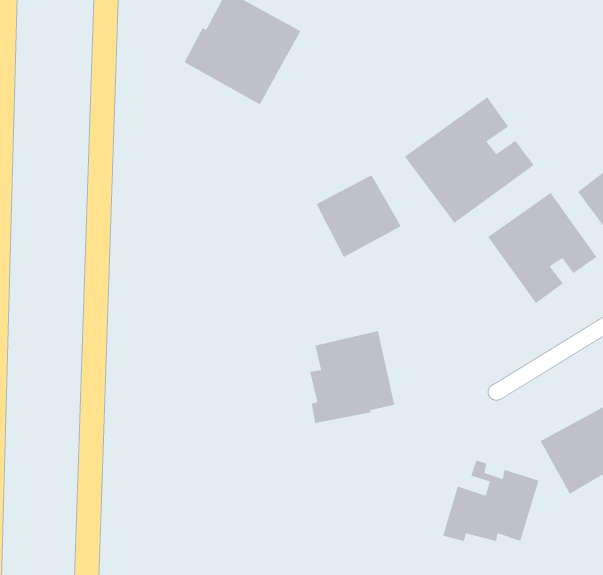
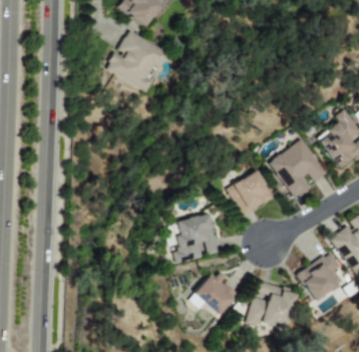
building: [404,96,535,224] -> none
building: [316,174,402,258] -> [227,170,273,216]
building: none -> [194,271,239,315]

